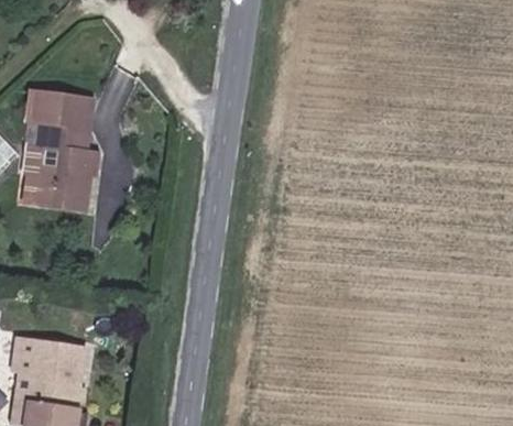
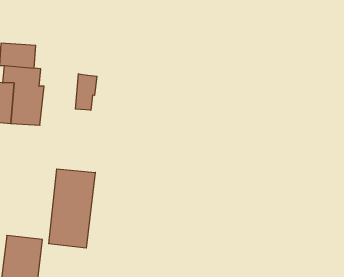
building: none -> [76,74,97,110]
building: none -> [49,169,95,248]

